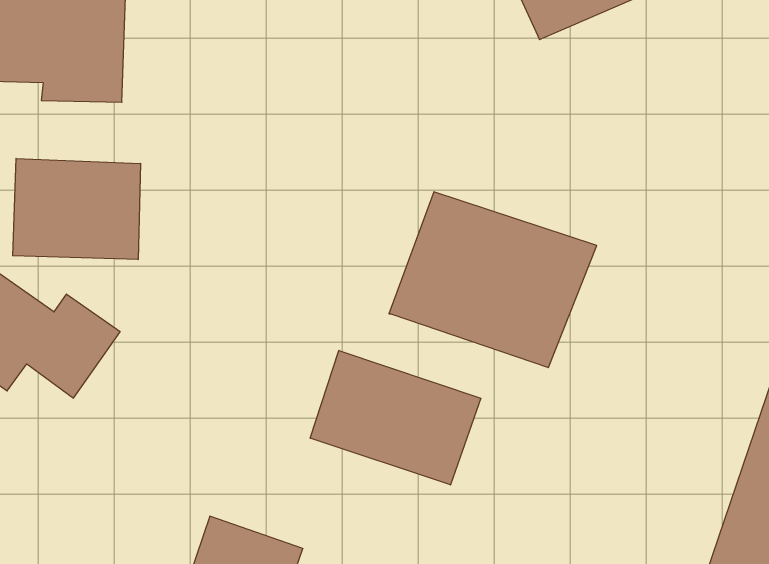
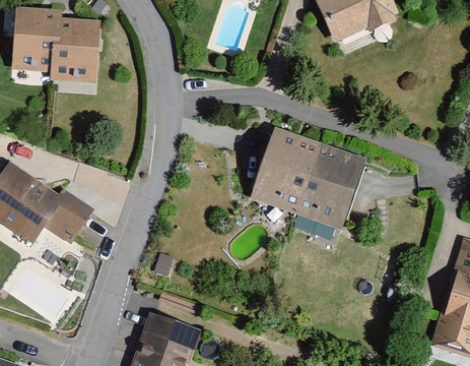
building: [13,158,141,260] -> none
building: [310,350,481,485] -> none

